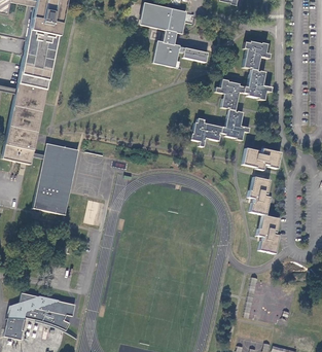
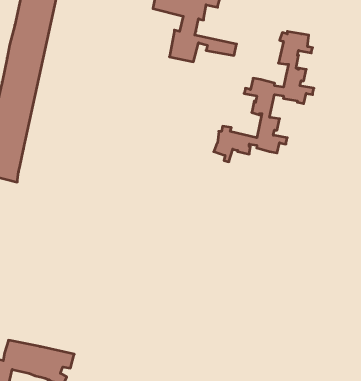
building: [33,143,78,214] -> none
building: [241,148,280,171] -> none
building: [247,177,279,254] -> none

